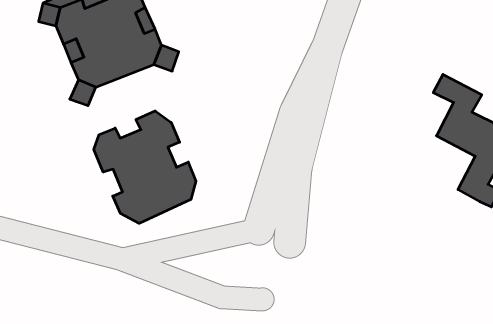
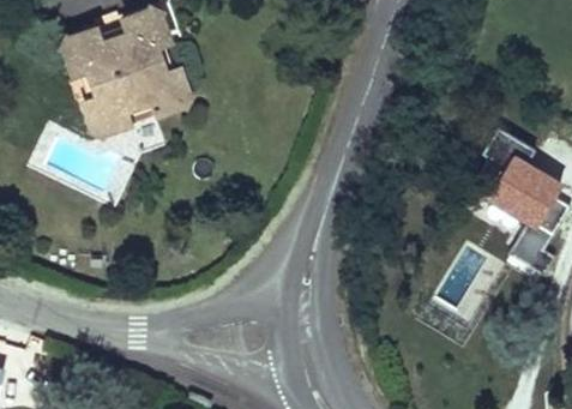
building: [94,111,196,223] -> none

